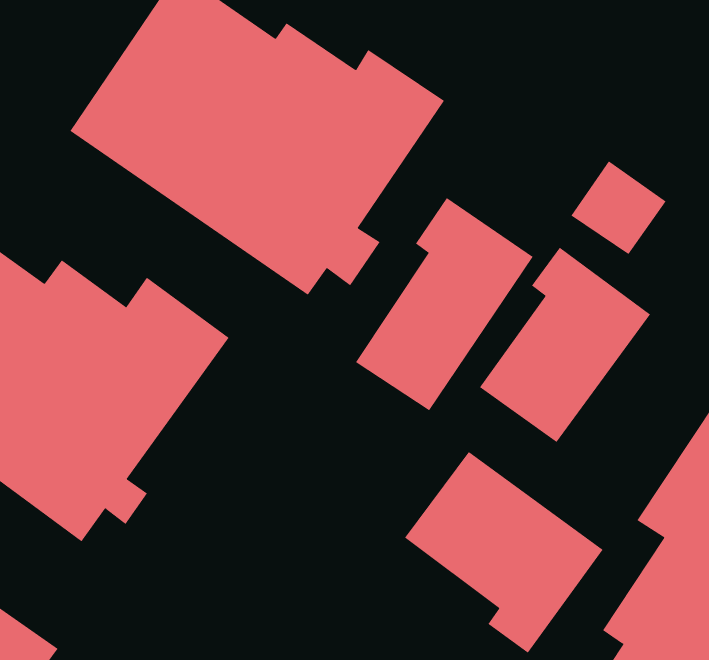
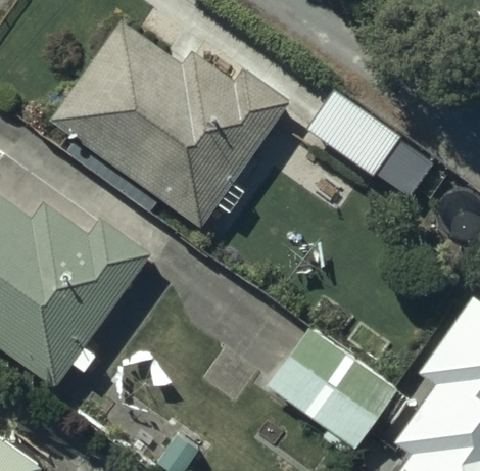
building: [355,197,534,411] -> none
building: [479,247,651,443] -> none

